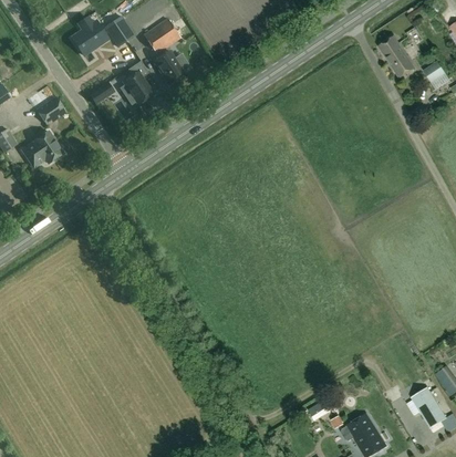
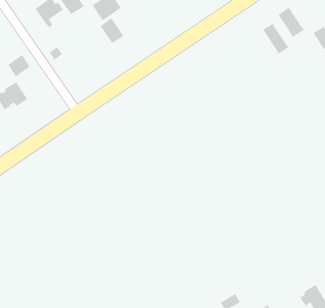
building: none -> [263,23,289,55]
building: [123,62,154,104] -> none

